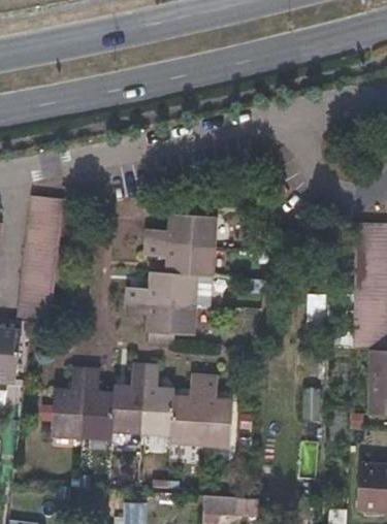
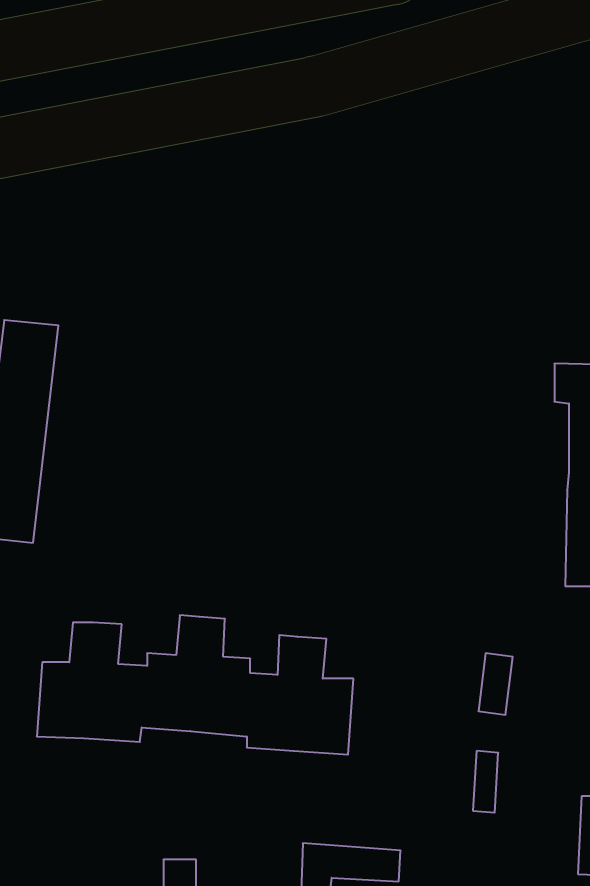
building: [129,215,215,335] -> none

